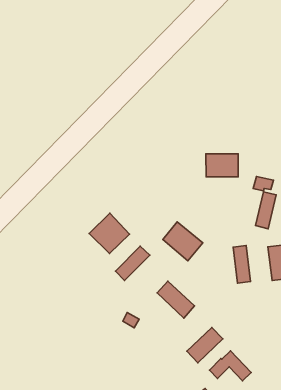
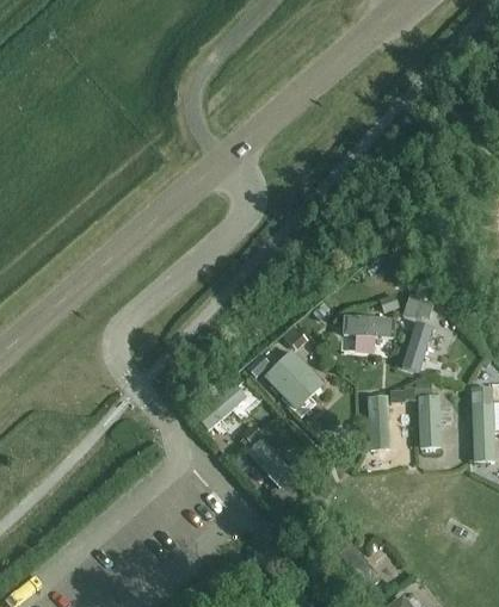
building: [206,154,238,177] -> [344,316,393,353]
building: [89,213,130,254] -> none
building: [187,327,223,363] -> none

